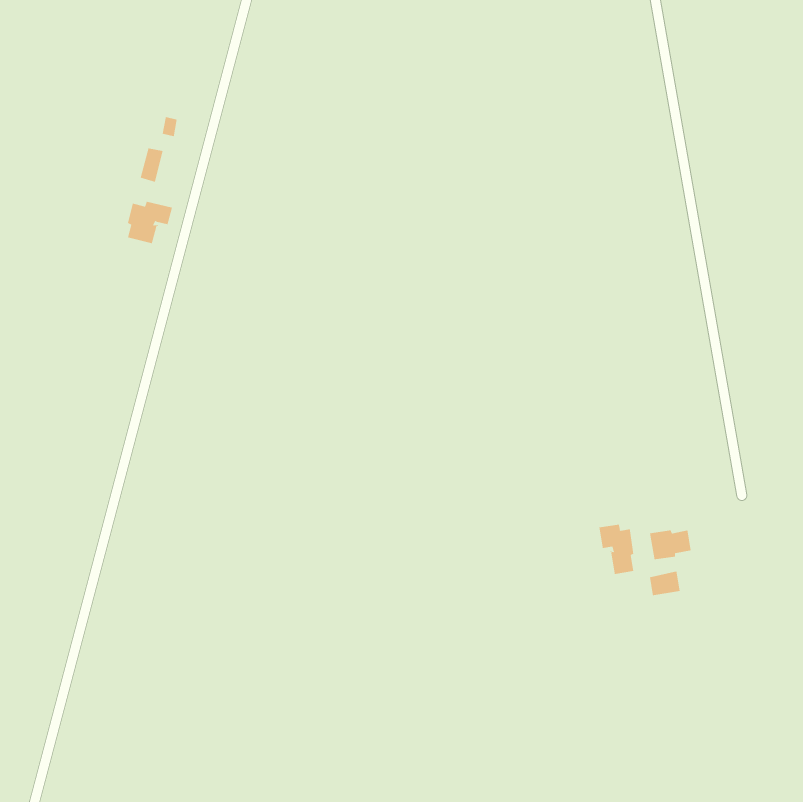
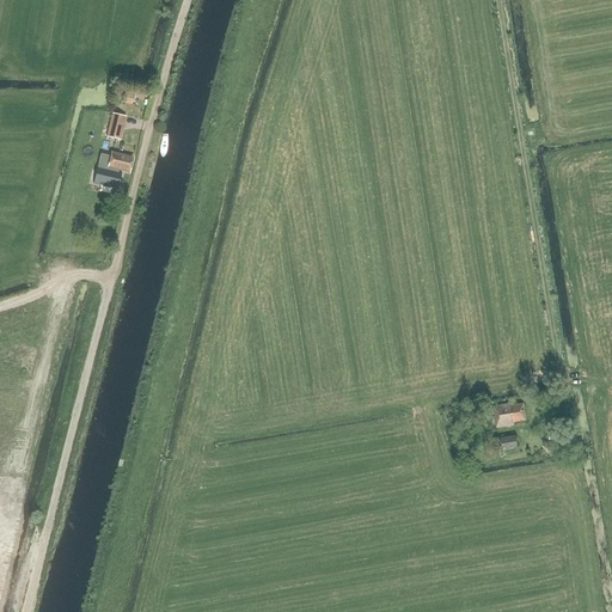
building: [599,524,634,575] -> none

